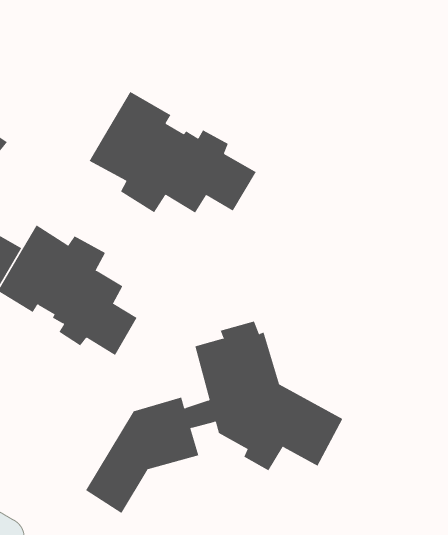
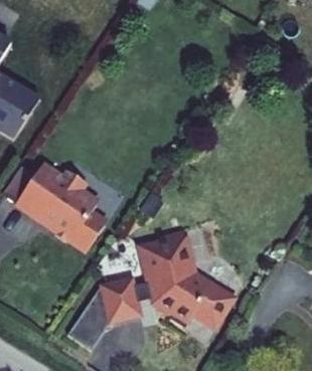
building: [89,91,257,213] -> none

